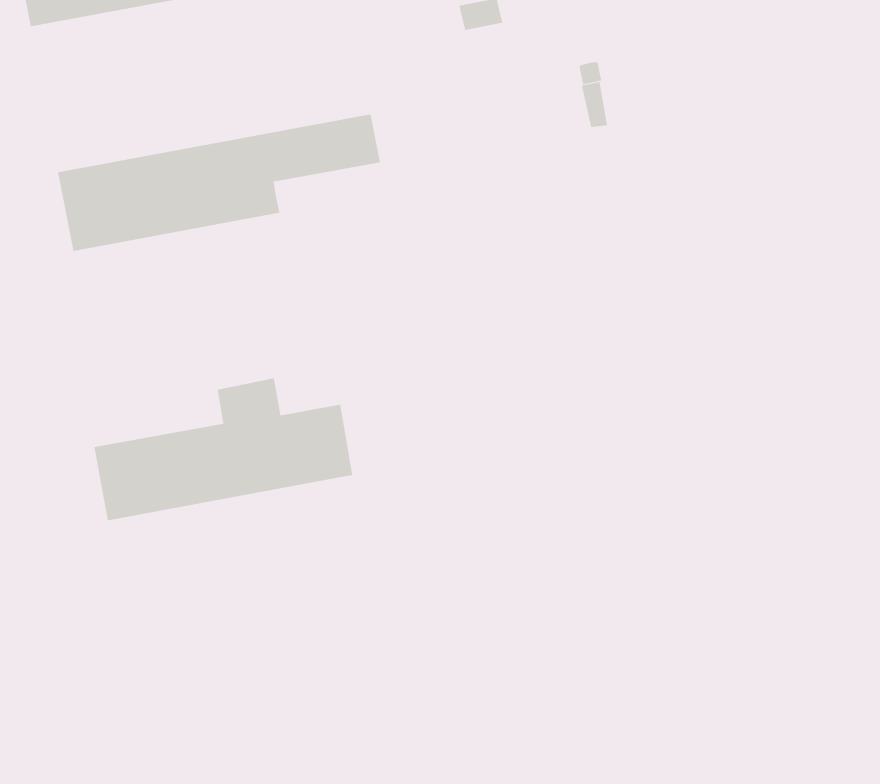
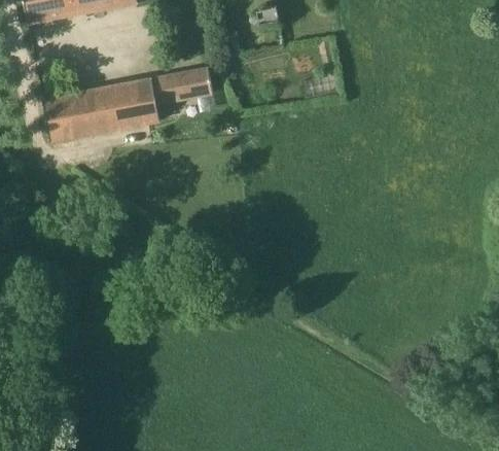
building: [94,377,353,521] -> none

